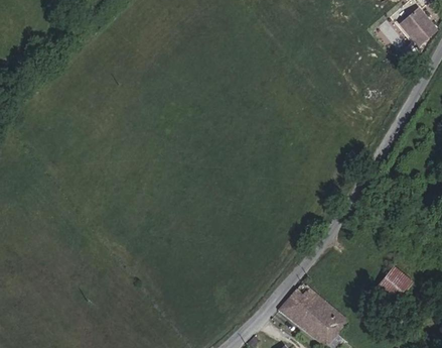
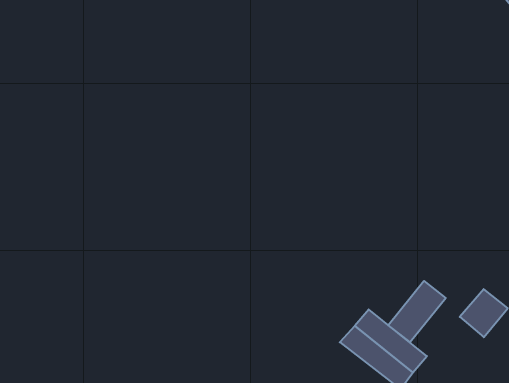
building: none -> [388,281,446,342]

